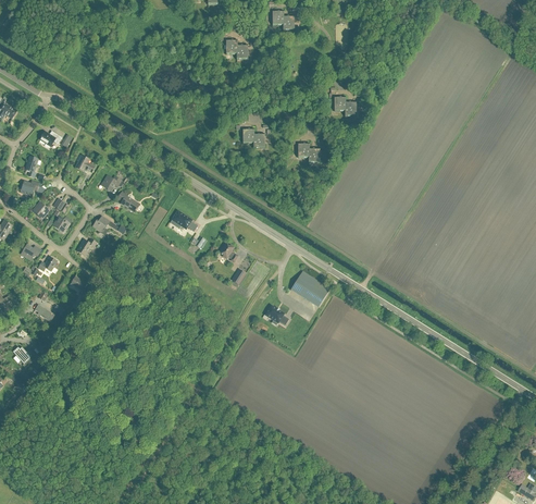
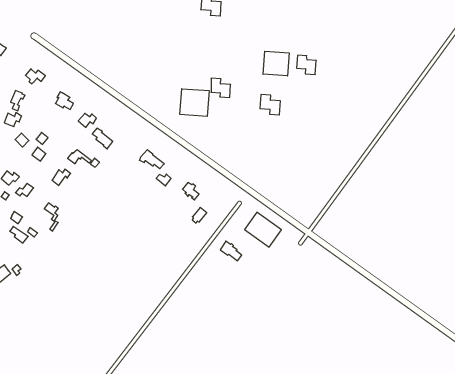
building: none -> [263,51,289,76]
building: none -> [180,89,209,116]

